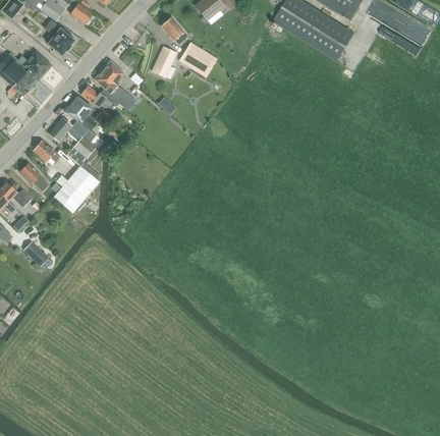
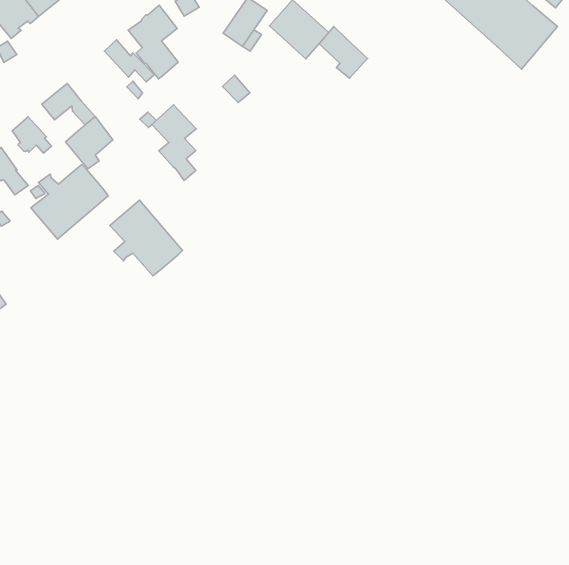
building: none -> [319,27,367,78]
building: [65,97,97,142] -> [152,105,196,180]
building: none -> [110,200,182,276]

